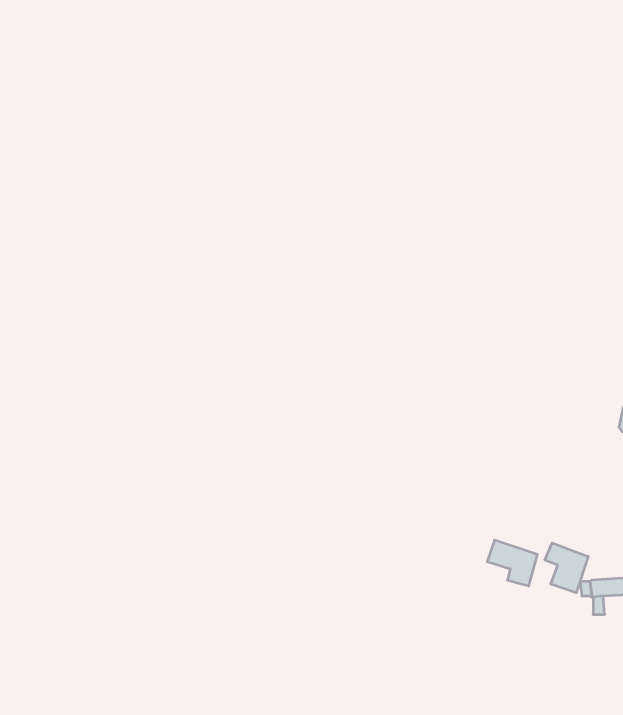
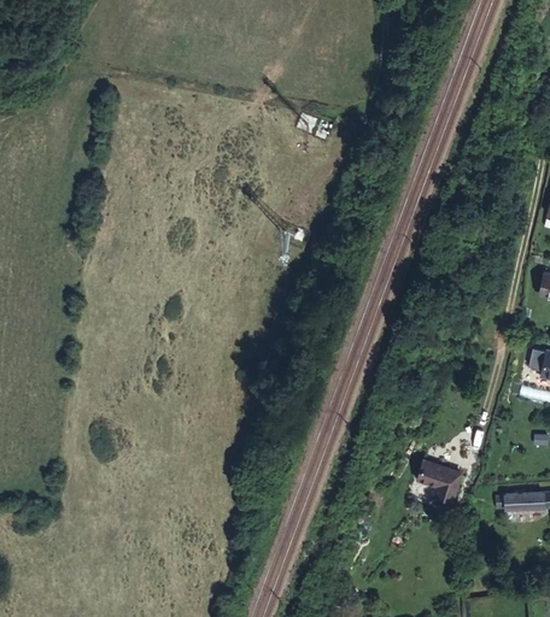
building: [545,543,588,593] -> none

